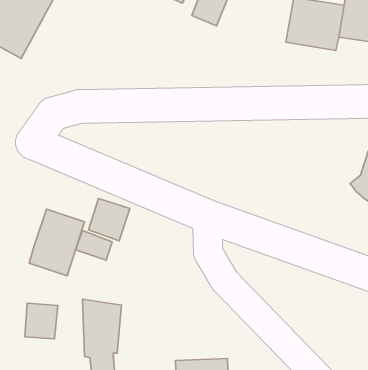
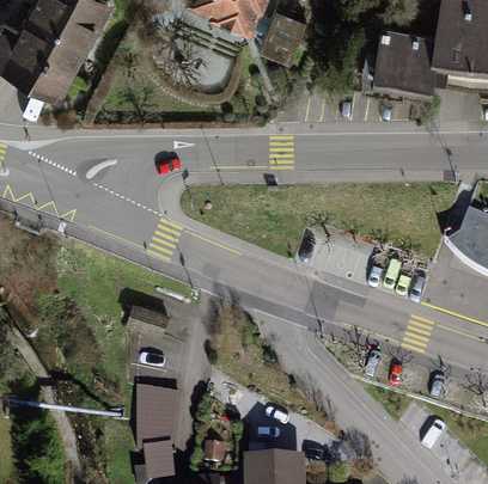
building: [88,198,130,241] -> none
building: [29,209,84,276] -> none
building: [25,303,58,339] -> none

